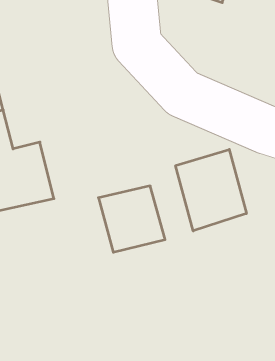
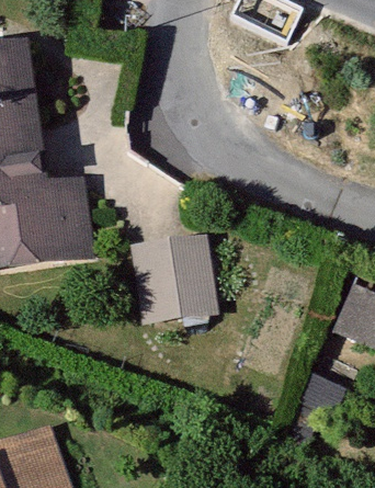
building: [176,149,246,231] -> none

